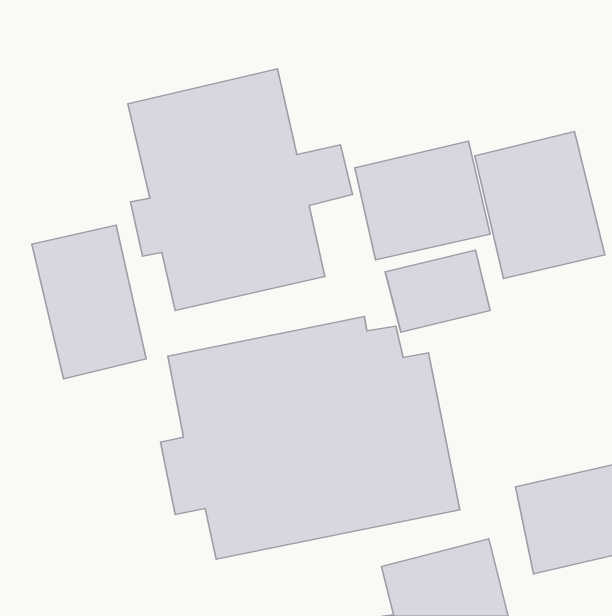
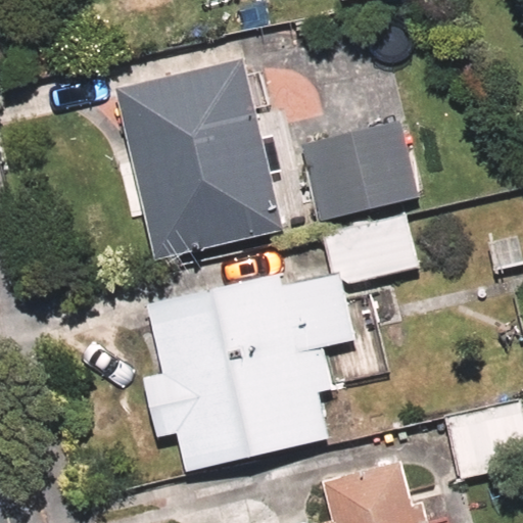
building: [475,131,605,279] -> none
building: [32,225,146,379] -> none

